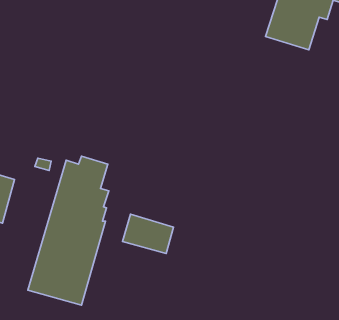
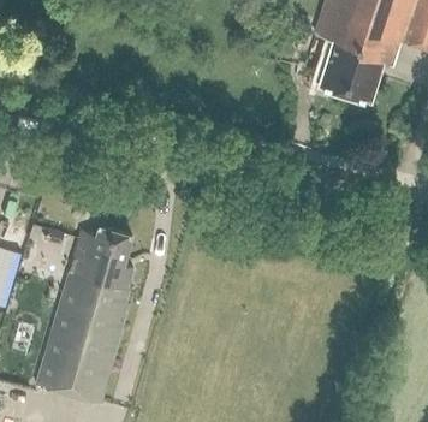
building: [123,214,173,253] -> none

